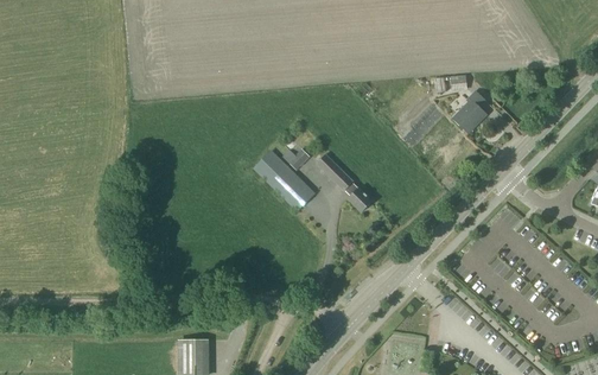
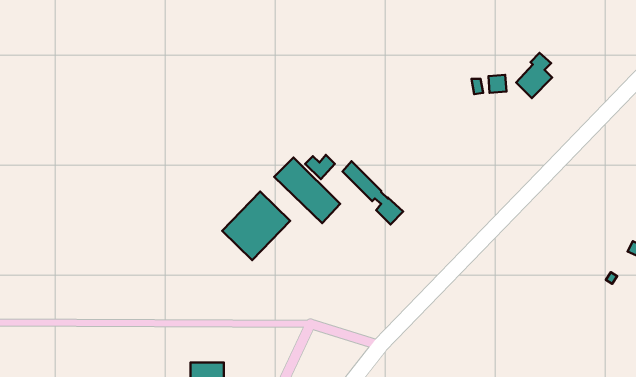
building: [454,90,488,132] -> [516,53,552,98]
building: none -> [222,192,290,260]

